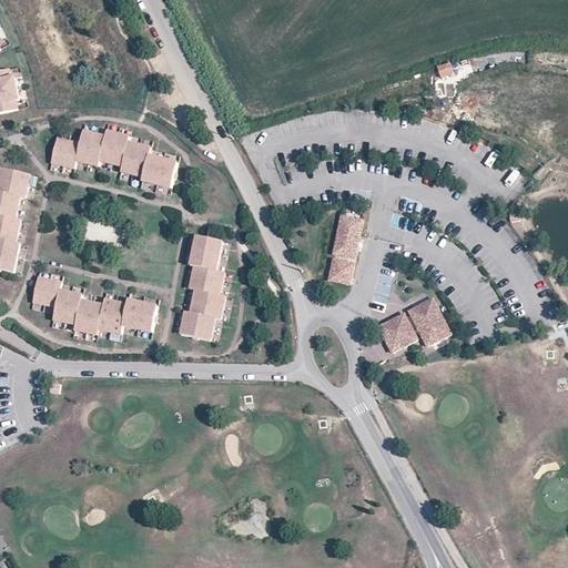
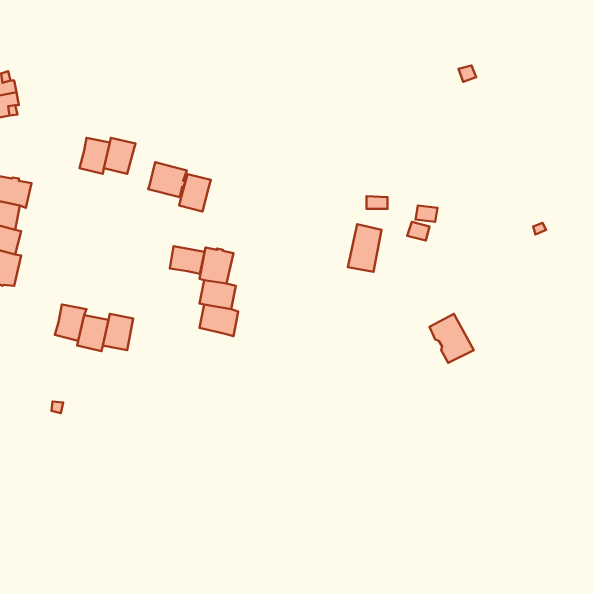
building: [50,138,80,168] -> none
building: [120,141,150,176] -> [179,174,211,211]
building: none -> [170,246,205,274]
building: [326,257,354,285] -> none
building: [32,276,61,306] -> none
building: [122,300,156,332] -> none
building: [180,311,214,339] -> none
building: [381,313,417,352] -> none

